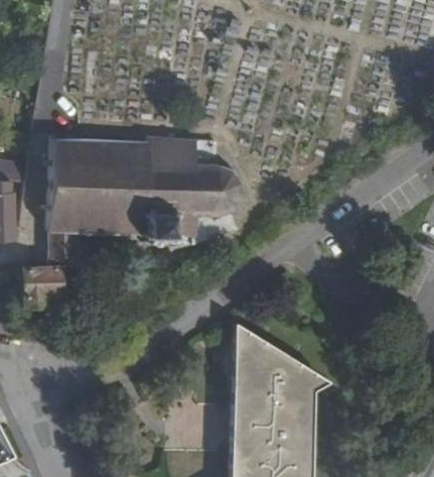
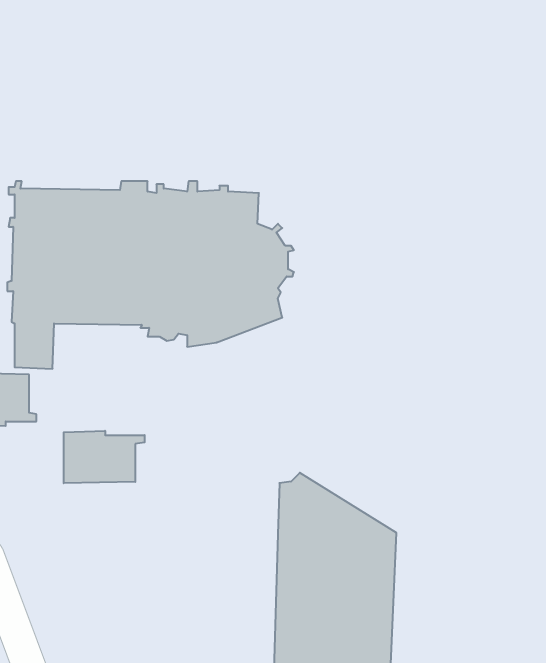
building: none -> [64,431,145,483]

